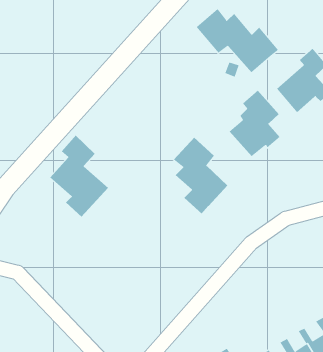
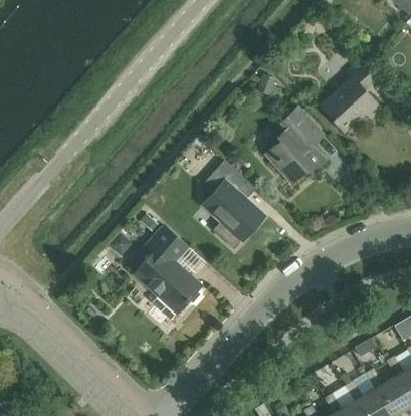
building: [196,8,279,73] -> none
building: [49,135,109,217] -> [135,225,203,321]

